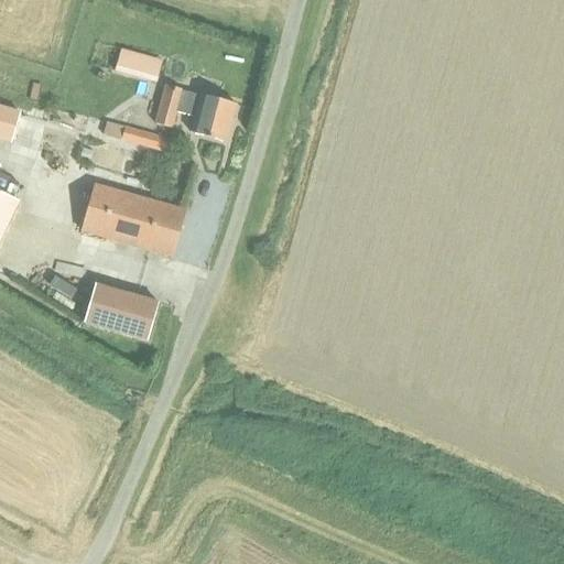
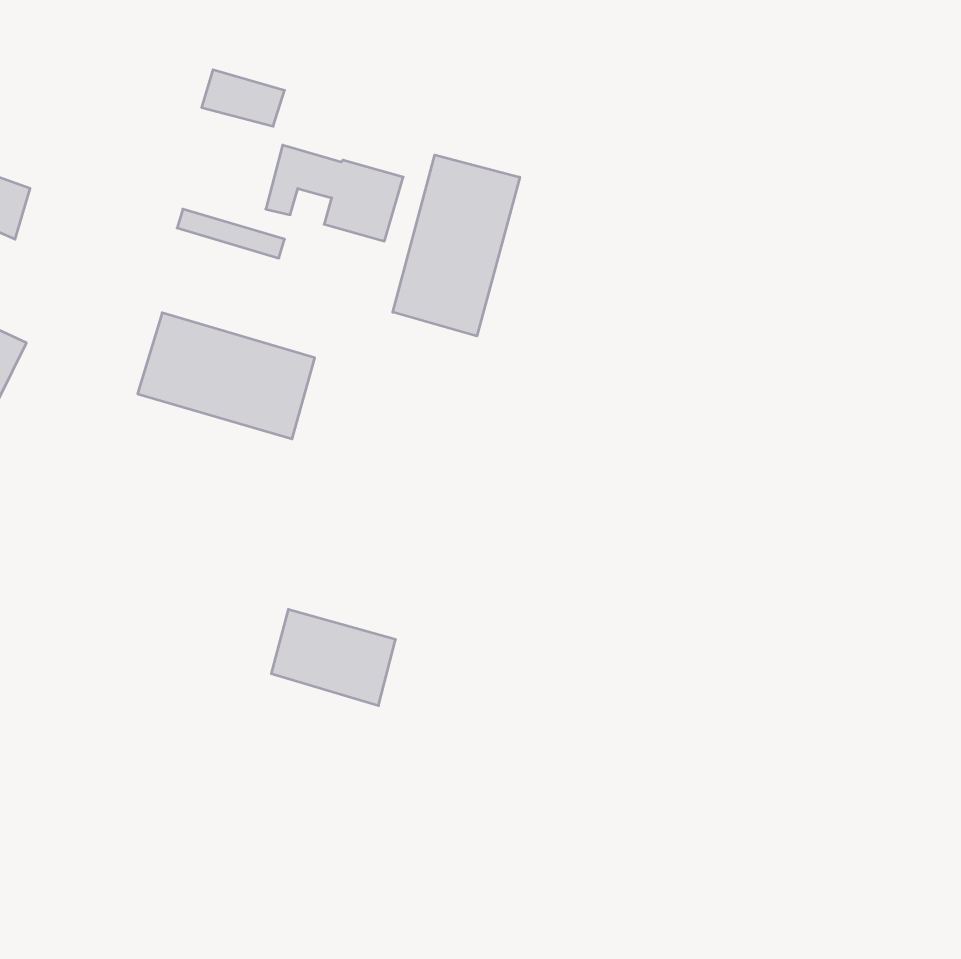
building: none -> [393,155,520,336]
building: [83,283,155,339] -> [271,609,396,706]

